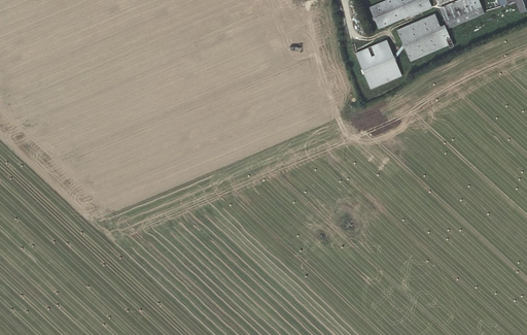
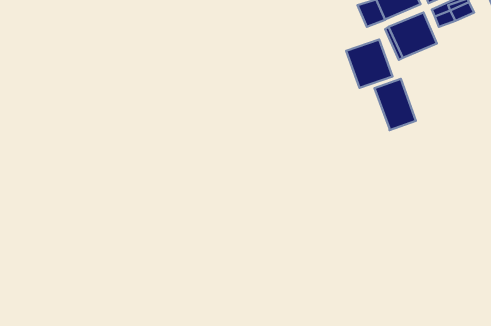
building: none -> [374,79,416,130]

